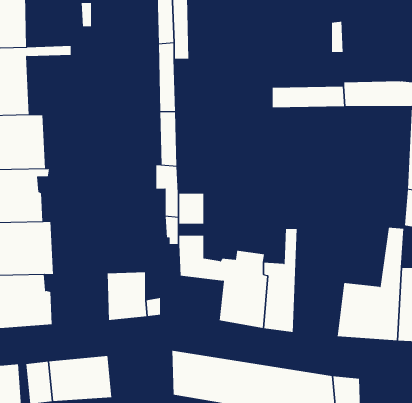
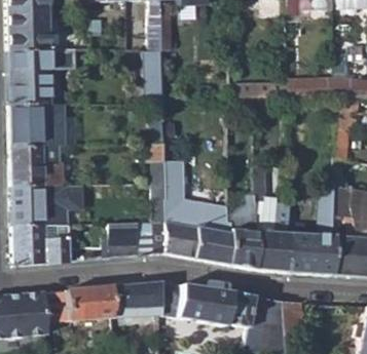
building: none -> [252,181,296,271]
building: none -> [166,225,198,259]
building: none -> [111,281,160,317]

